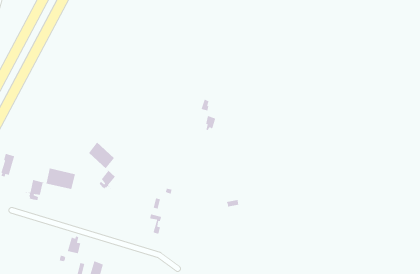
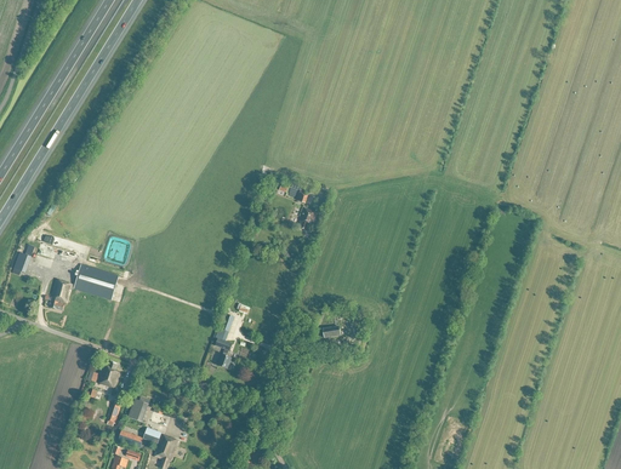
building: [88,141,116,190] -> none

